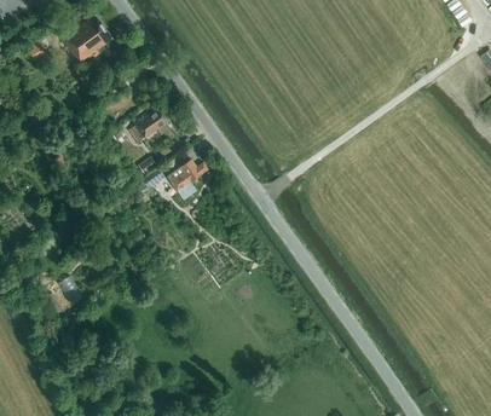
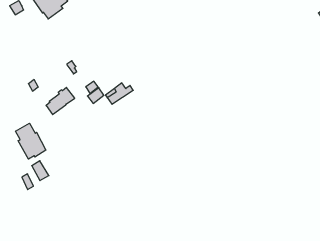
building: [128,104,171,144] -> [46,87,75,115]
building: none -> [16,123,46,159]

